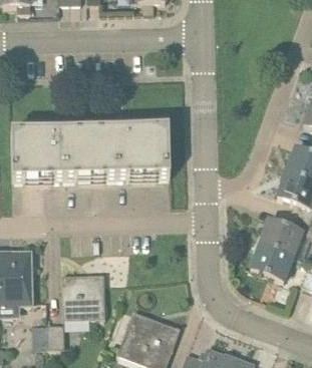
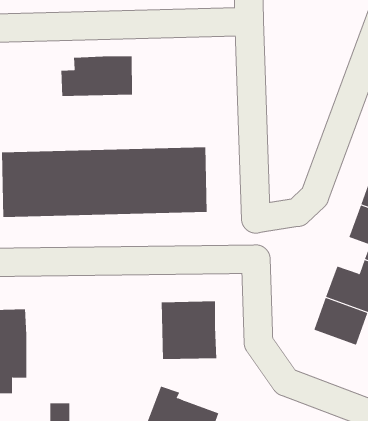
building: none -> [61,56,133,97]
building: [61,274,104,319] -> [161,301,217,360]

